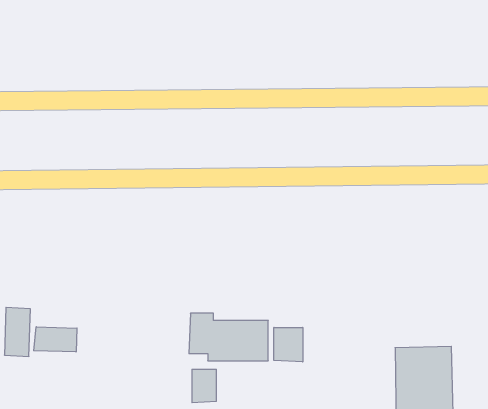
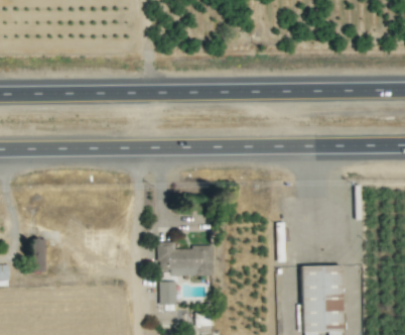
building: [34,327,77,352] -> none
building: [274,327,303,362] -> none

